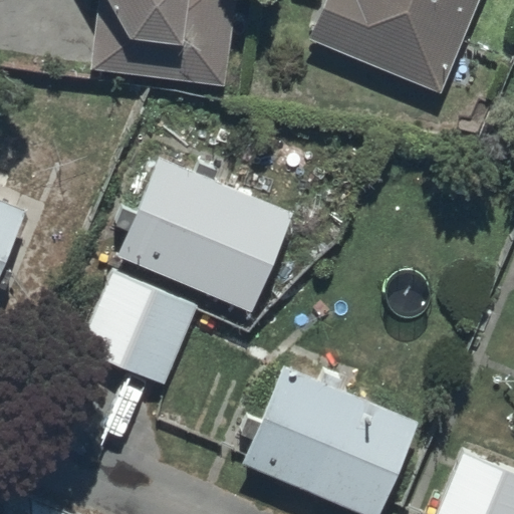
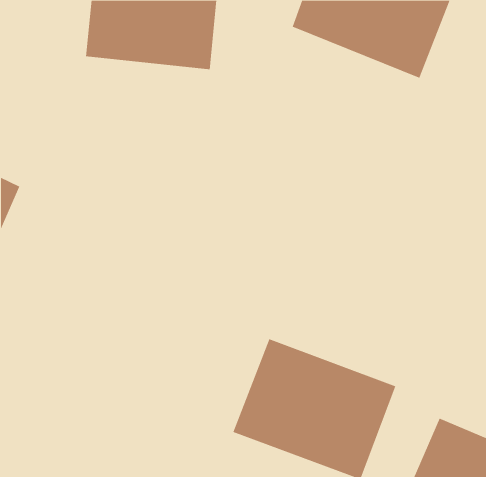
building: [86,155,291,357] -> none

